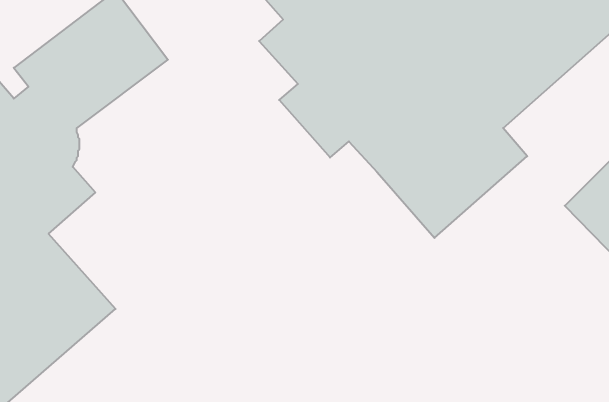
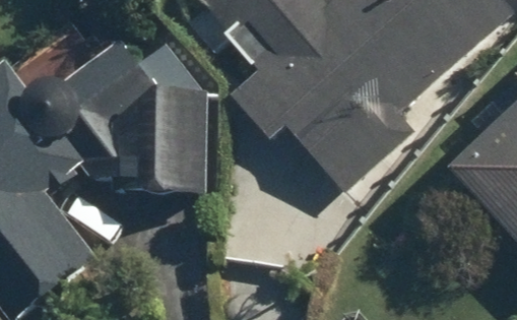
building: none -> [136,88,209,192]

